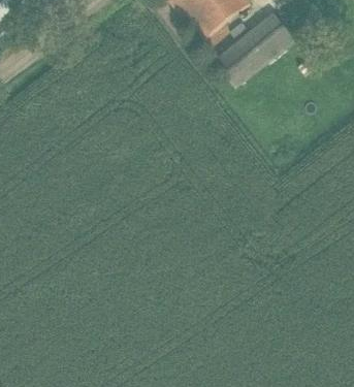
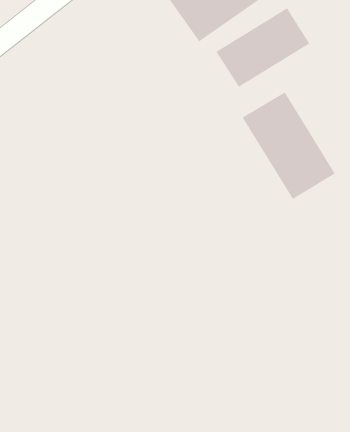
building: none -> [242,91,336,200]

